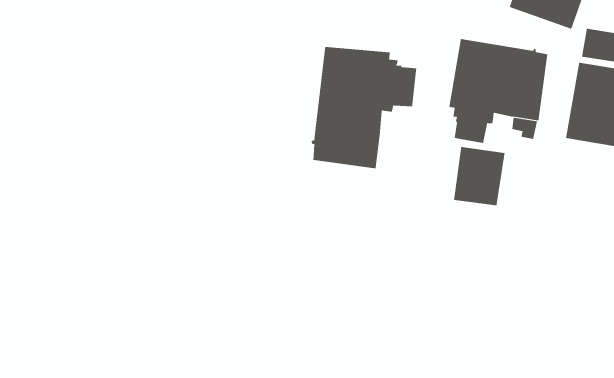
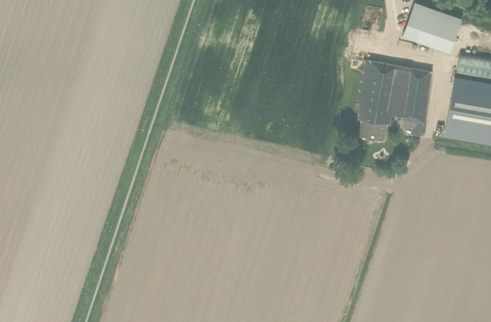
building: [311,46,417,169] -> none
building: [453,146,505,206] -> none

